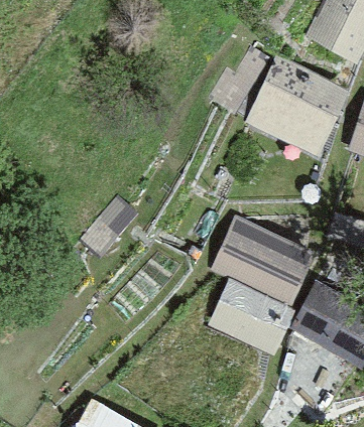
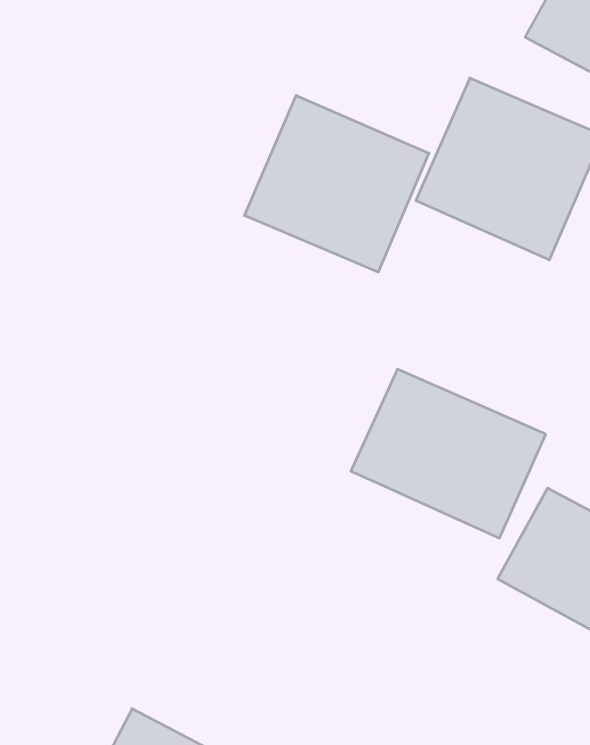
building: none -> [244,95,429,272]
building: [208,279,297,355] -> none

